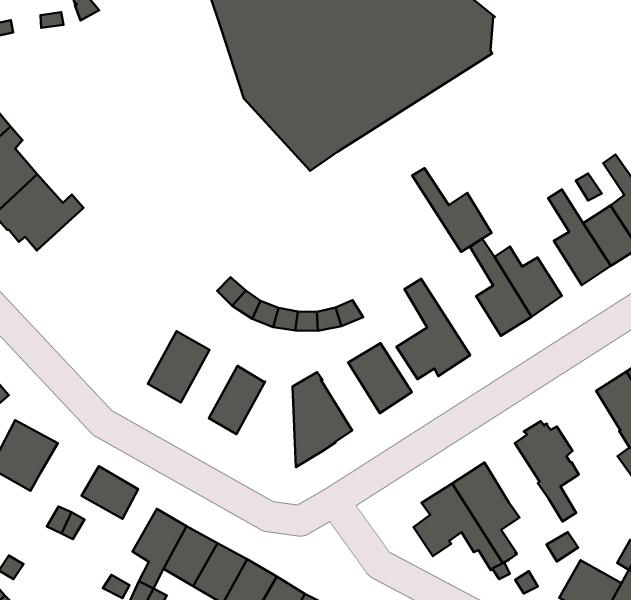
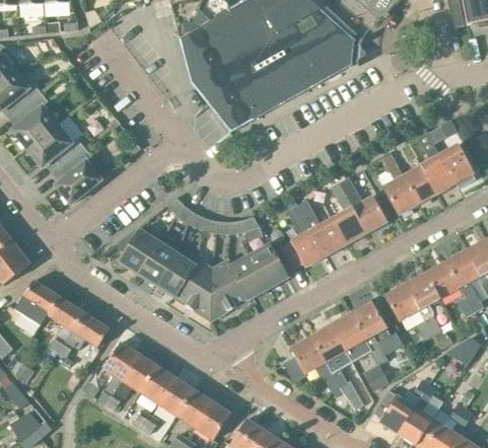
building: [412,168,492,252] -> [297,200,346,254]
building: none -> [53,146,100,203]
building: none -> [139,241,177,285]
building: none -> [229,254,266,298]
building: none -> [173,258,211,319]
building: none -> [384,282,419,320]
building: none -> [47,295,84,329]
building: none -> [331,312,370,360]

